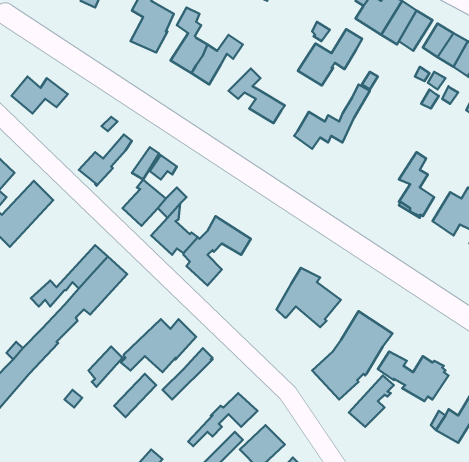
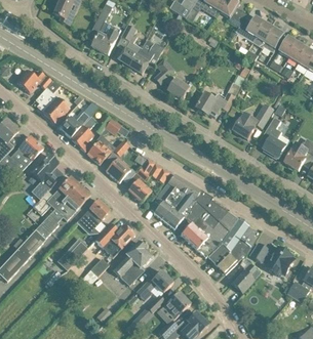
building: [298,29,362,85] -> [232,102,273,138]
building: none -> [35,87,69,123]
building: none -> [70,116,95,152]
building: none -> [31,155,57,200]
building: none -> [153,174,200,228]
building: none -> [75,199,109,234]
building: none -> [180,211,237,257]
building: none -> [118,249,150,285]

